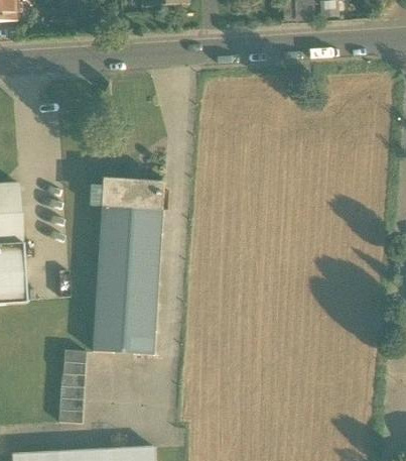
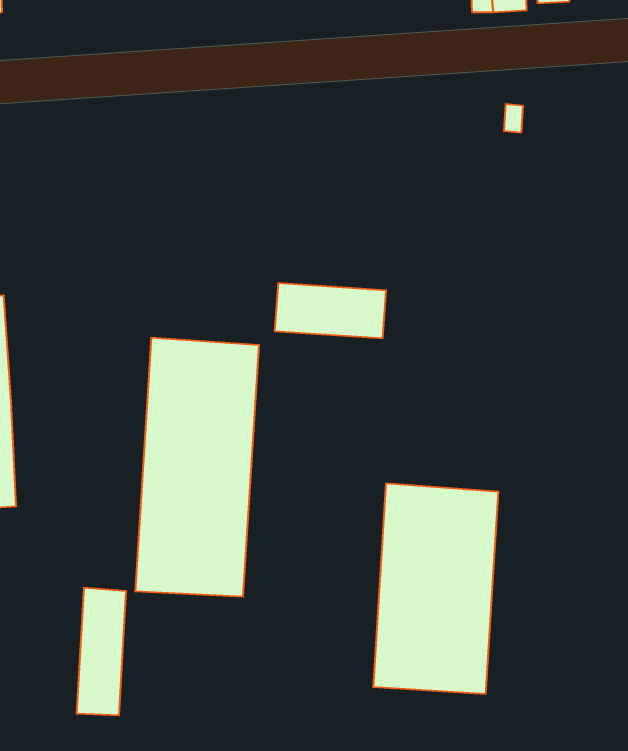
building: [102,178,165,209] -> [275,283,386,338]
building: none -> [373,483,498,694]

